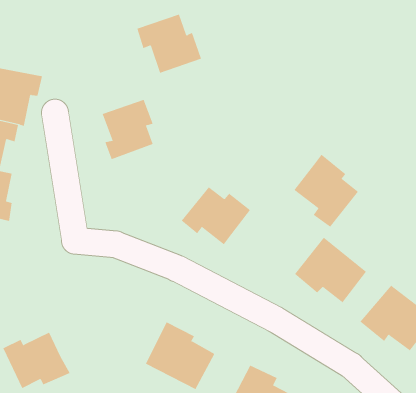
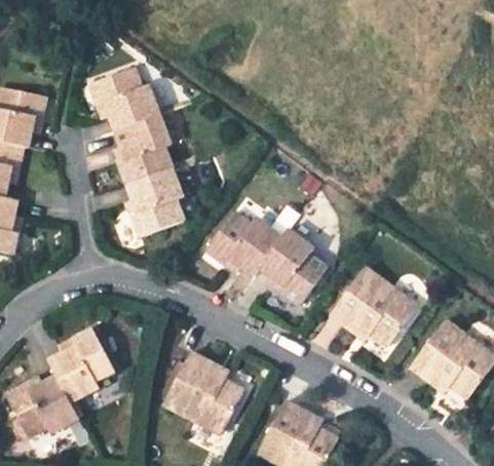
building: [136,14,202,74] -> [91,64,164,130]
building: none -> [126,164,186,239]
building: [294,154,359,228] -> [259,230,332,312]
building: none -> [49,324,118,401]

